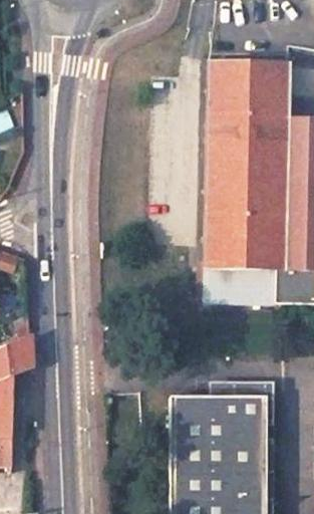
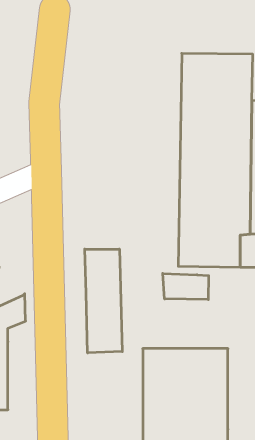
building: none -> [85,249,122,353]
building: none -> [163,273,209,300]

